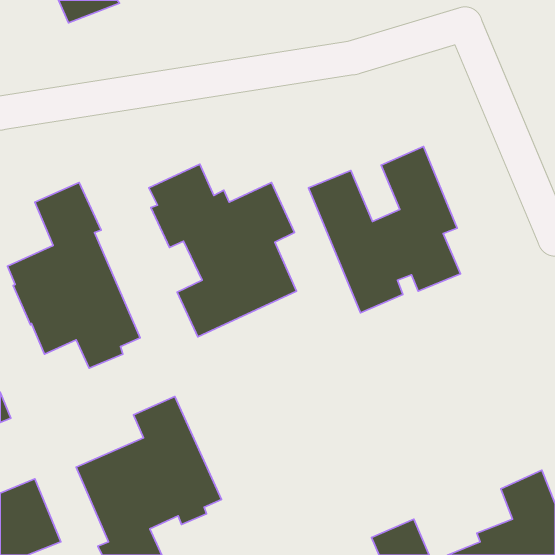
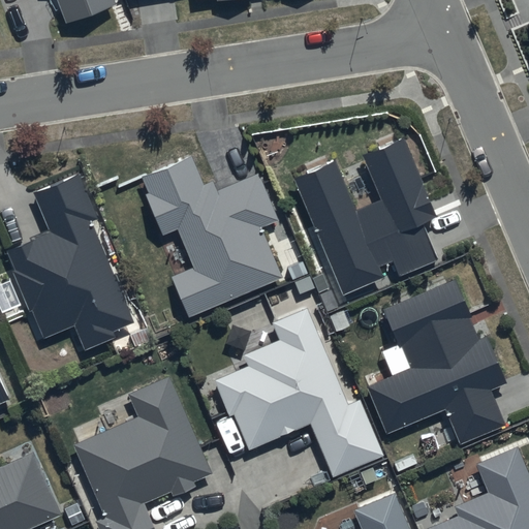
building: none -> [366,280,507,444]
building: none -> [215,308,384,477]

